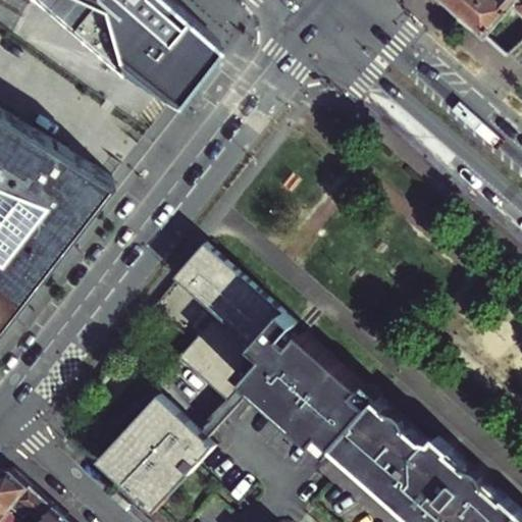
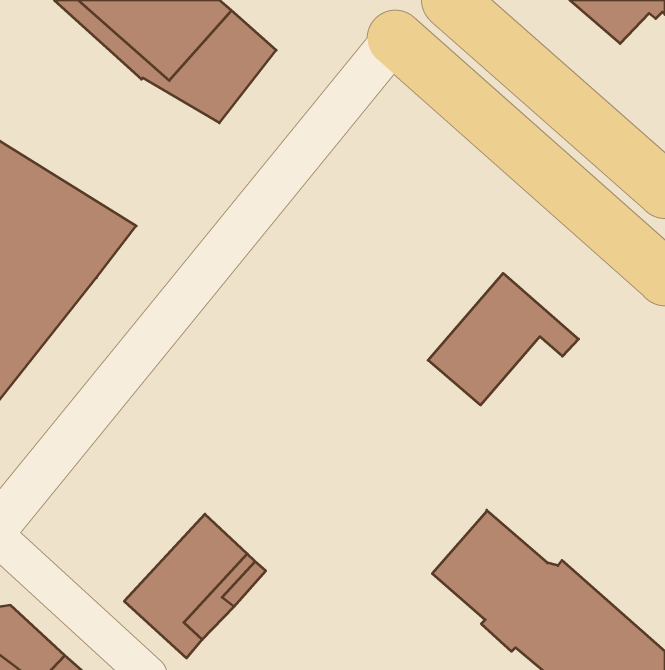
building: none -> [428,273,579,405]
building: [175,251,375,451] -> none

